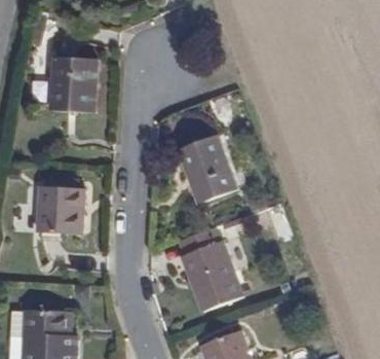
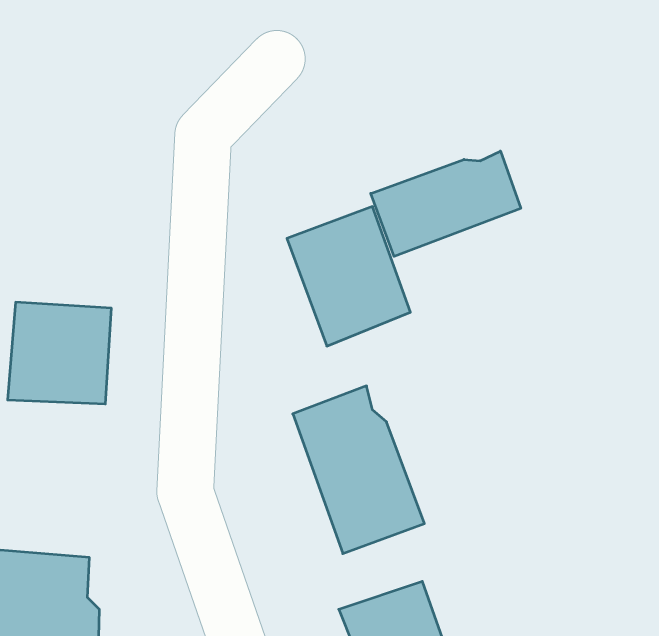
building: [46,53,98,111] -> none
building: none -> [371,151,521,256]

